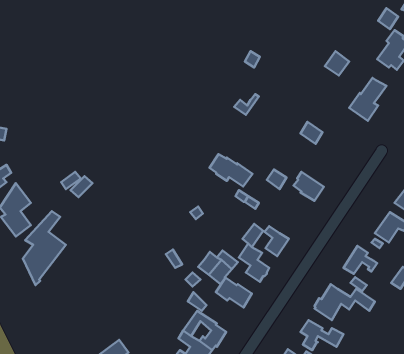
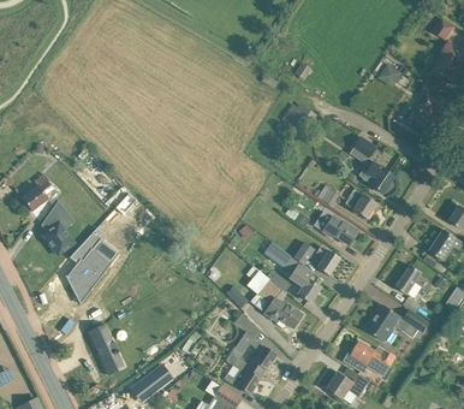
building: none -> [361,162,393,192]
building: [209,154,252,187] -> [313,211,357,244]
building: none -> [88,327,121,371]

